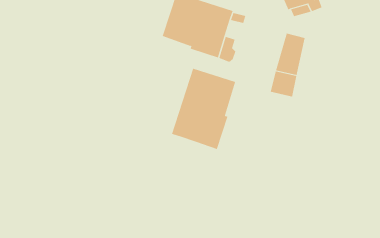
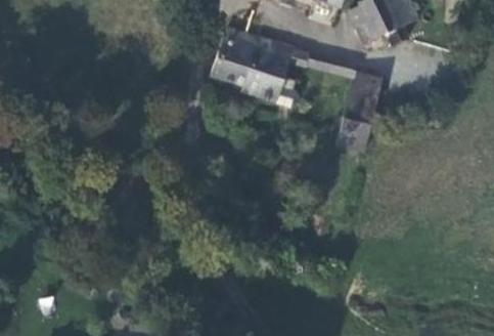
building: [171,68,236,150] -> none

